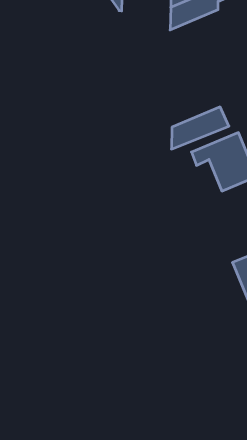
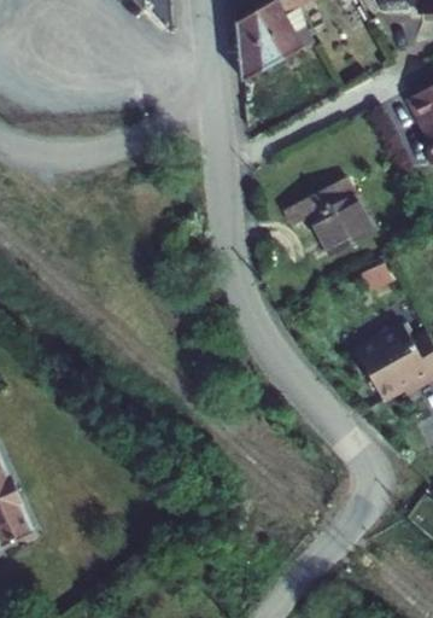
building: [171,107,229,149] -> [239,17,314,80]

